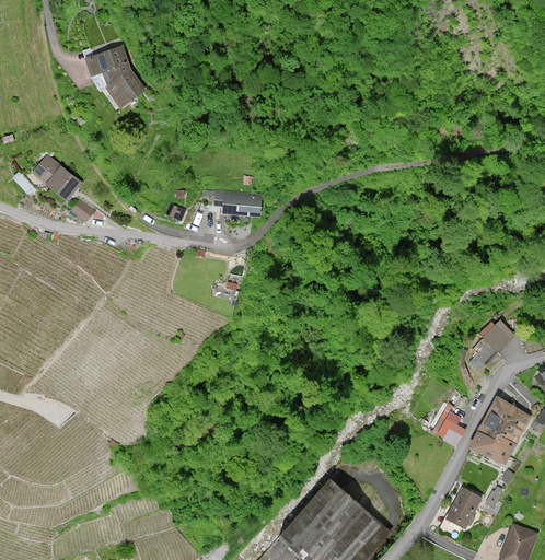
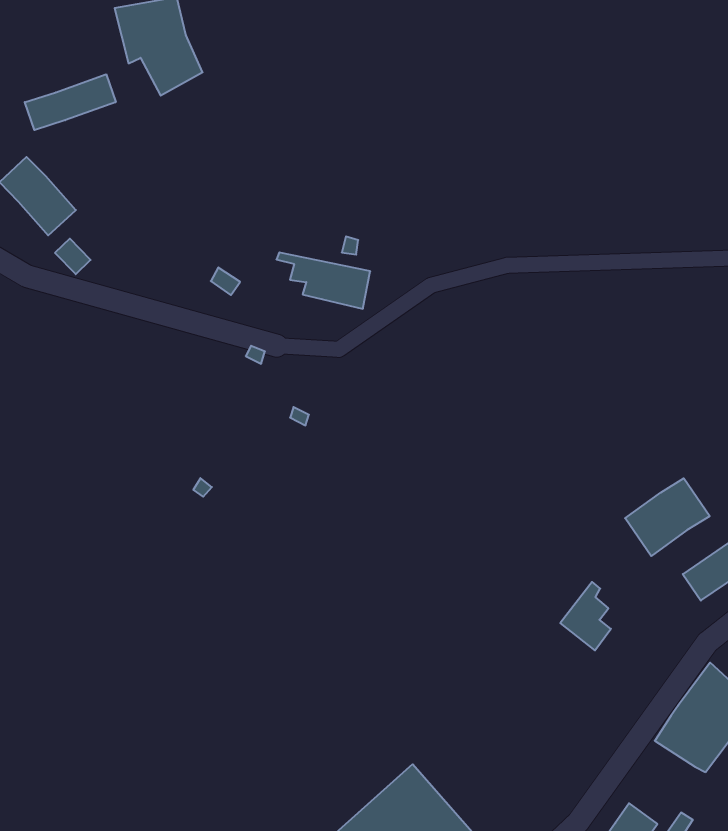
building: none -> [25,74,116,130]
building: none -> [625,478,710,556]
building: [432,404,463,444] -> [560,582,611,650]

